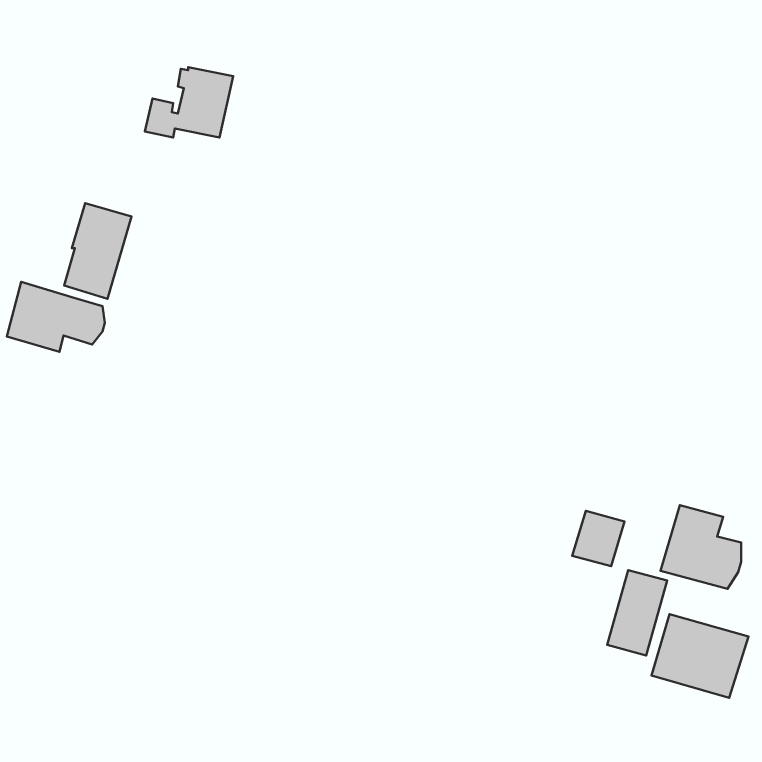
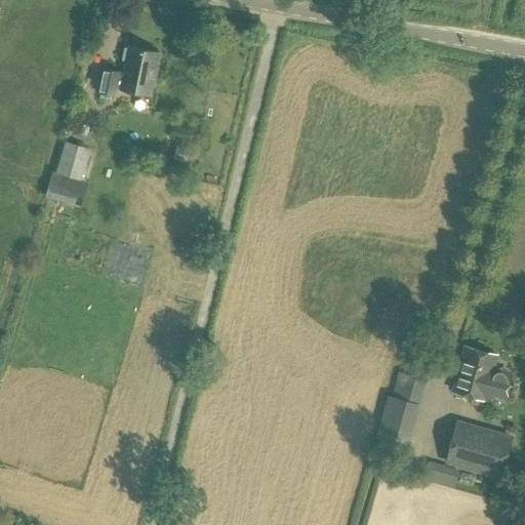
building: [7,282,105,352] -> none
building: [607,570,667,655] -> [377,391,418,449]

